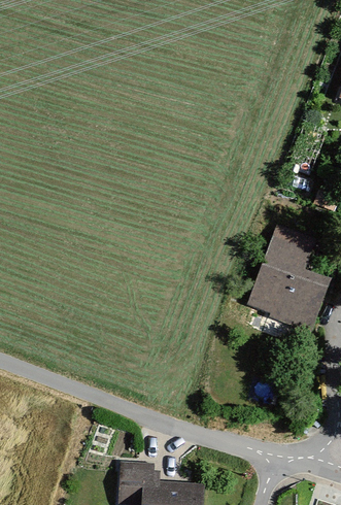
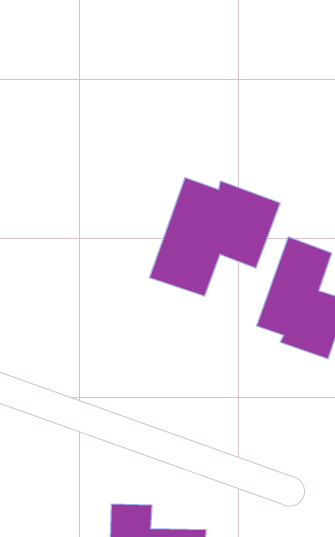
building: none -> [149,177,280,296]

